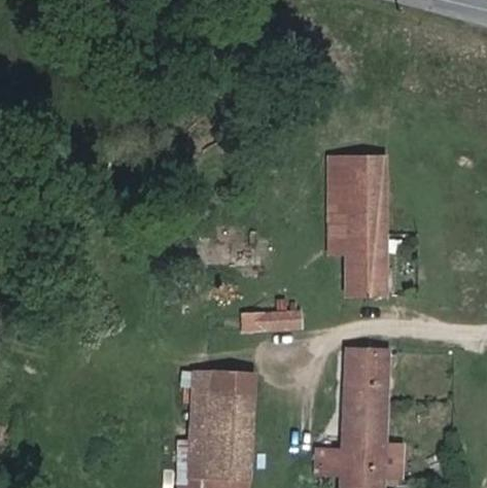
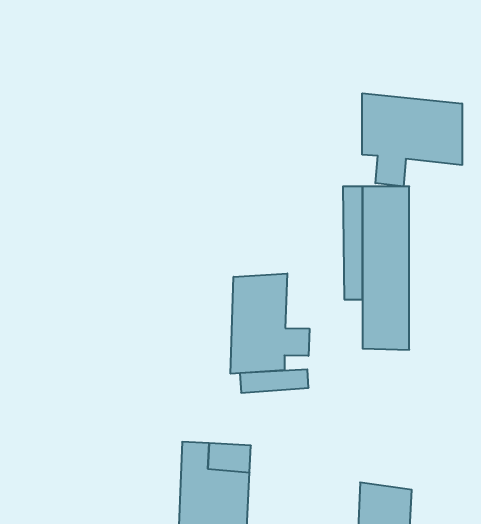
building: none -> [362,93,462,186]
building: none -> [231,273,309,374]
building: [343,349,388,412] -> none

